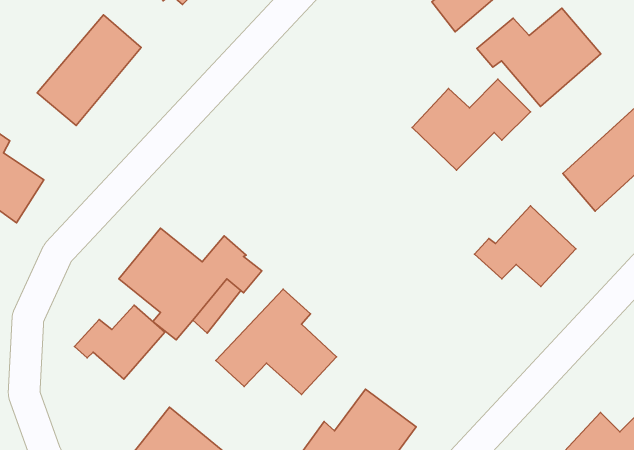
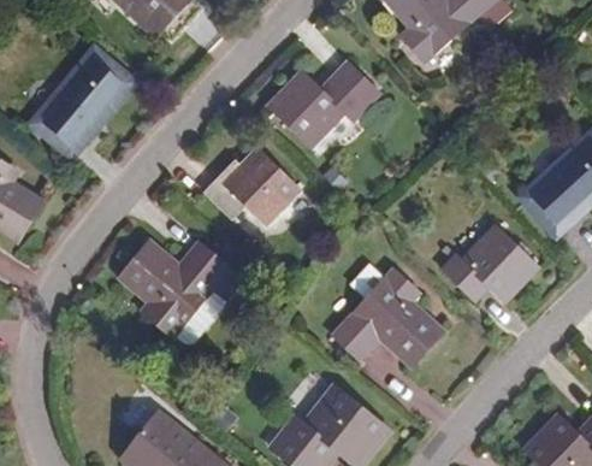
building: [477,8,601,106] -> none
building: [412,79,530,170] -> [268,61,378,146]
building: none -> [205,151,298,244]
building: [216,289,336,394] -> [328,266,440,364]
building: [75,305,165,379] -> none

